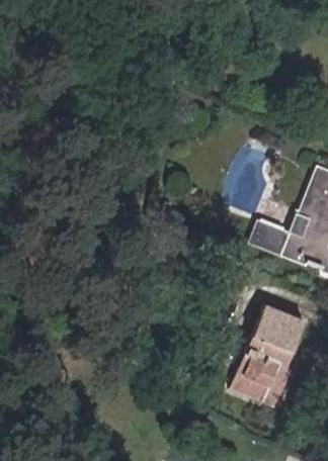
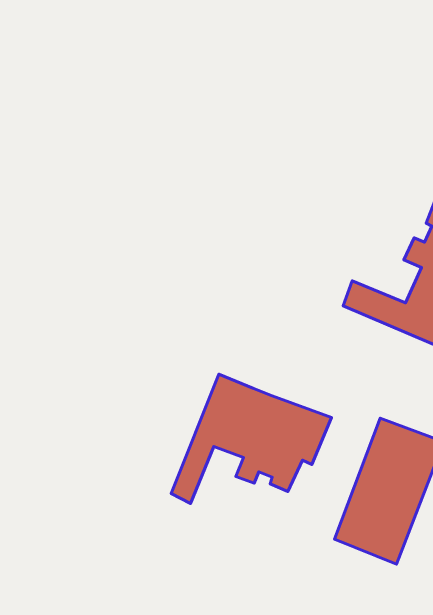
building: none -> [171,374,332,503]

